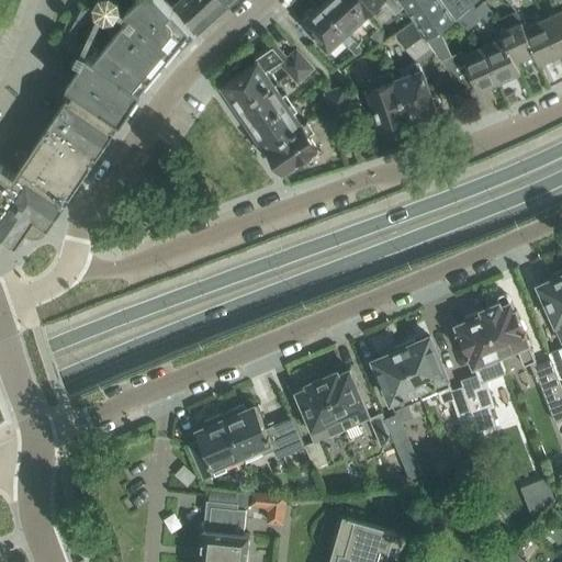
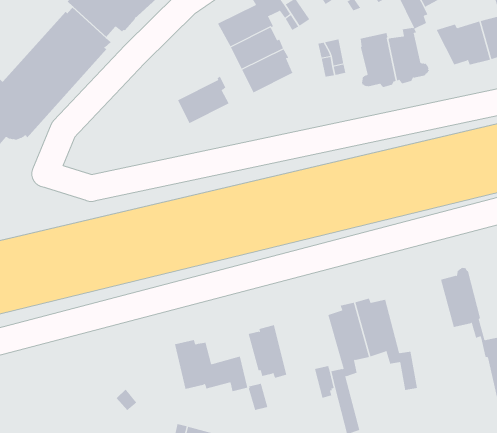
building: [267,122,319,175] -> [177,76,229,124]
building: [456,312,501,432] -> none
building: [322,372,364,429] -> none
building: [188,415,241,481] -> none

